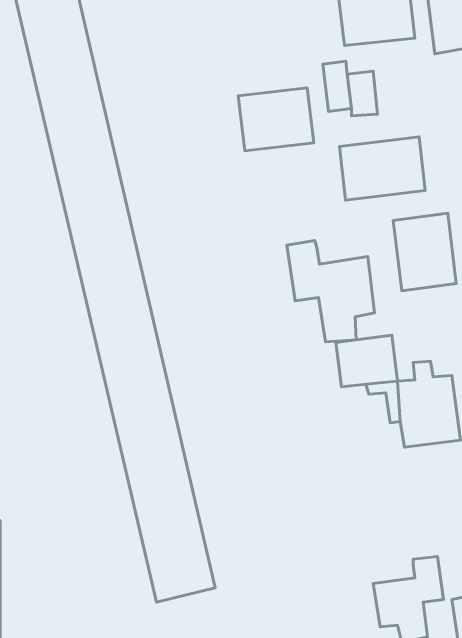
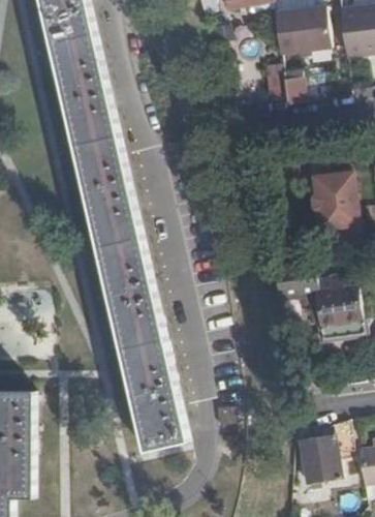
building: [238,88,314,151] -> none
building: [339,137,425,200] -> none
building: [287,240,375,342] -> none

